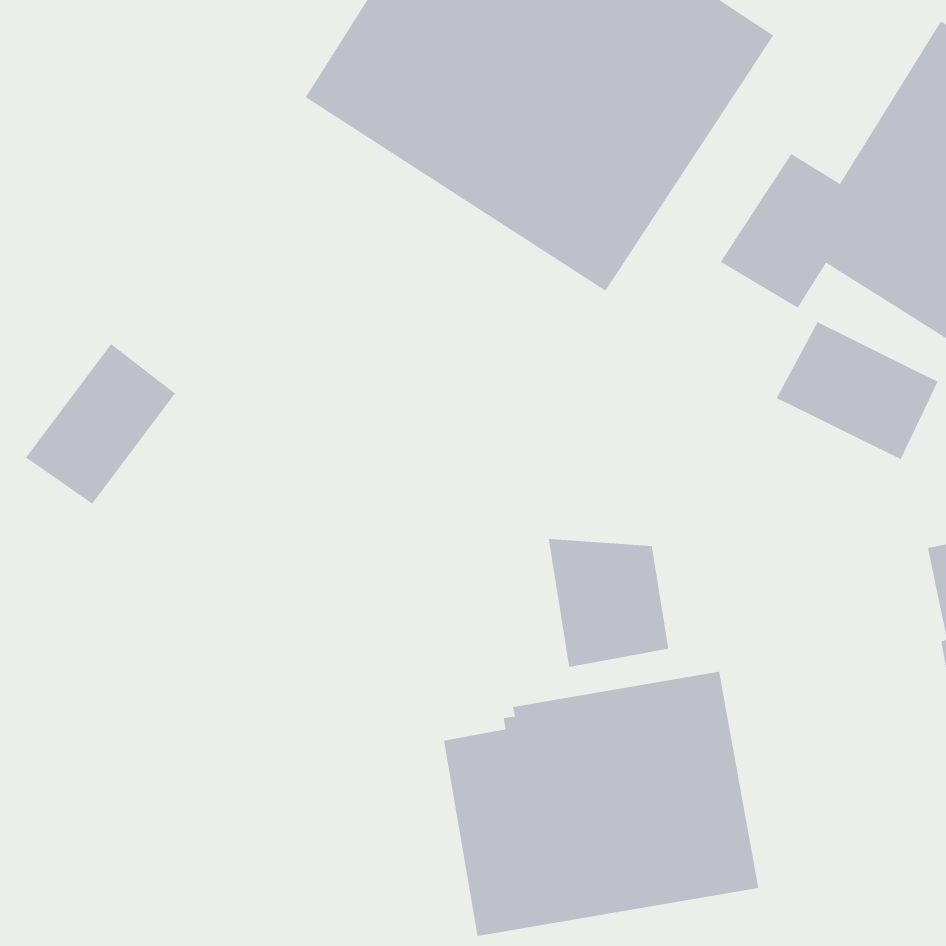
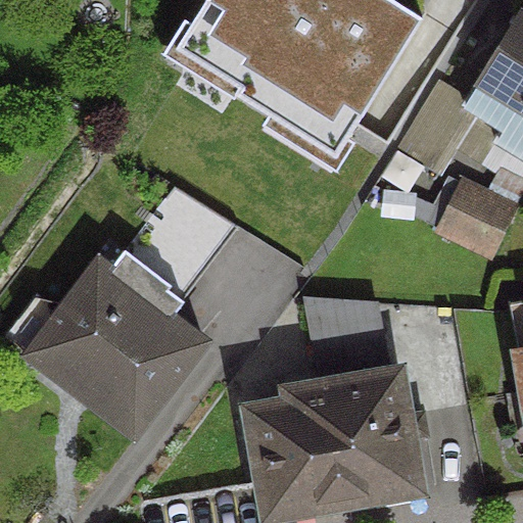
building: [25,343,176,504] -> none
building: none -> [31,259,200,426]

